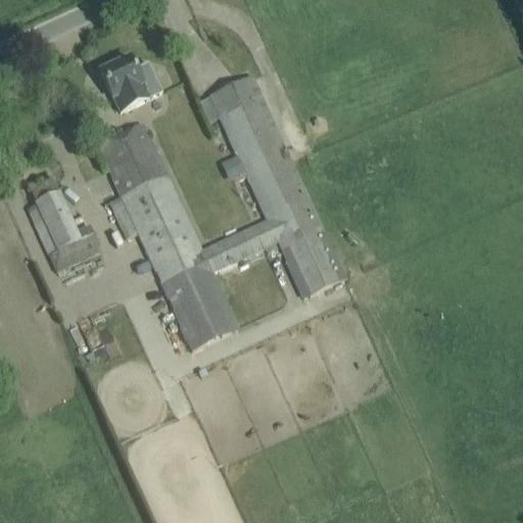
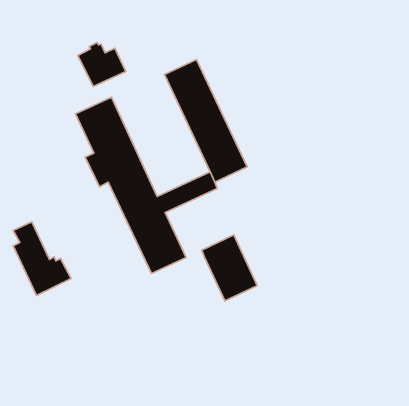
building: [28,177,101,271] -> [13,222,71,295]
building: [274,212,344,296] -> [202,235,257,301]

